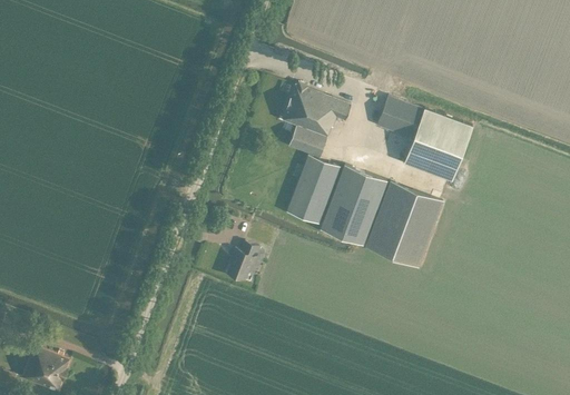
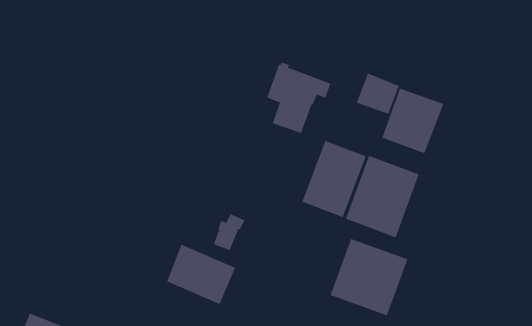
building: [287,155,340,224] -> none
building: none -> [330,238,408,316]
building: none -> [166,244,236,305]

